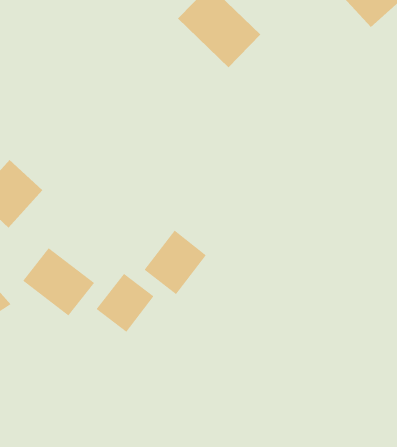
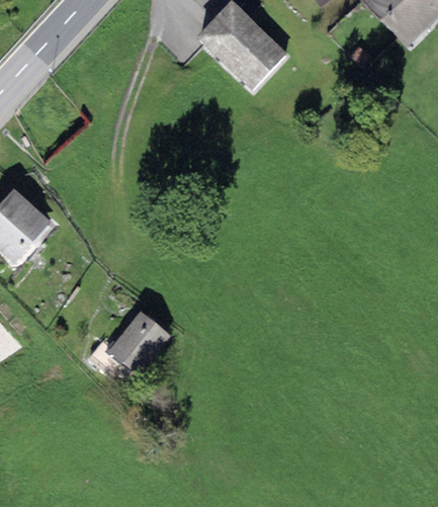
building: [144,230,207,295] -> none
building: [22,247,95,317] -> none

